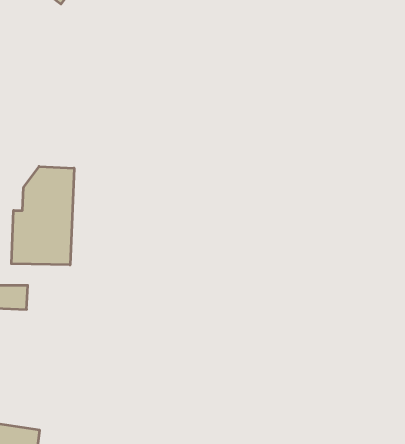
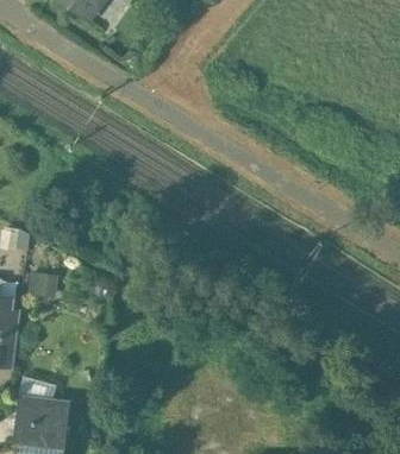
building: [11,166,74,265] -> none

